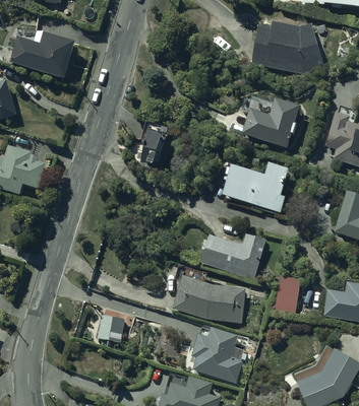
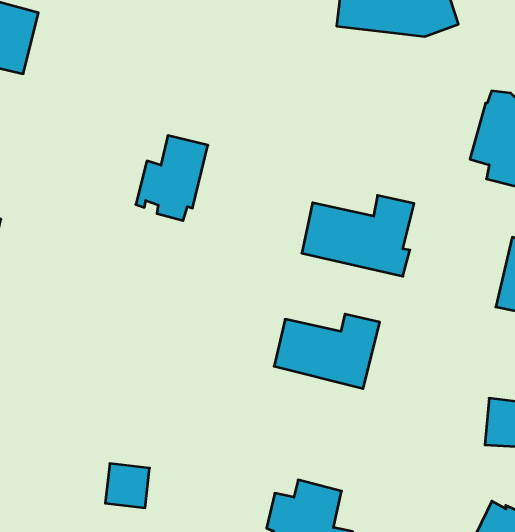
building: [242,92,299,145] -> none
building: [173,265,245,323] -> none
building: [274,274,299,312] -> none

